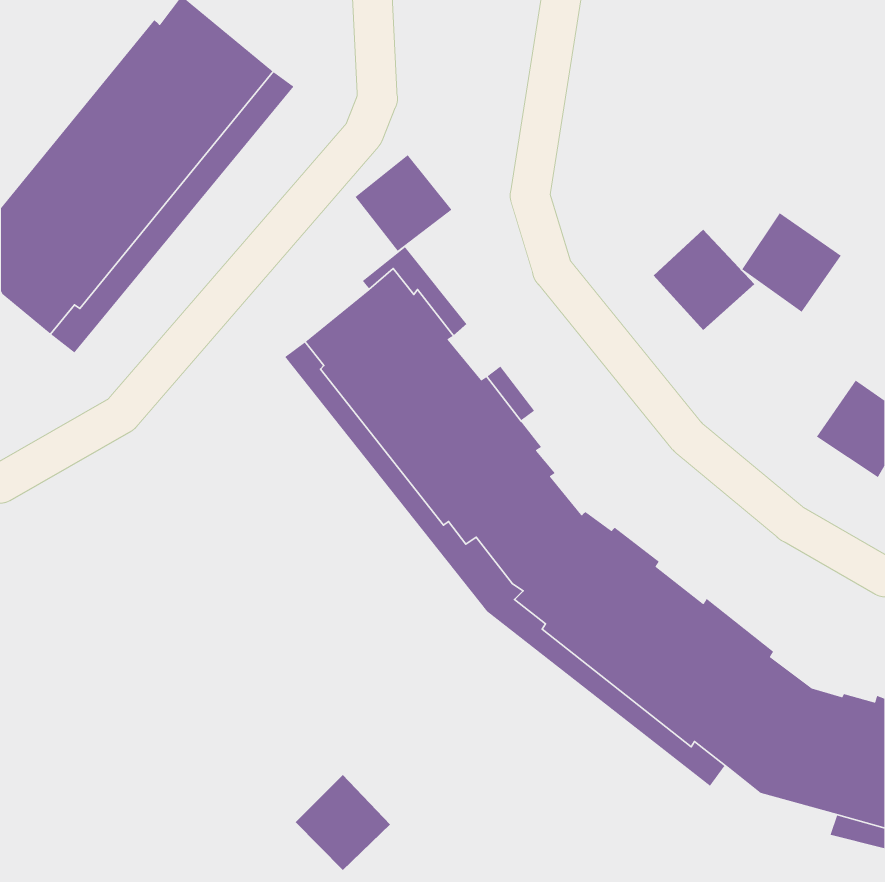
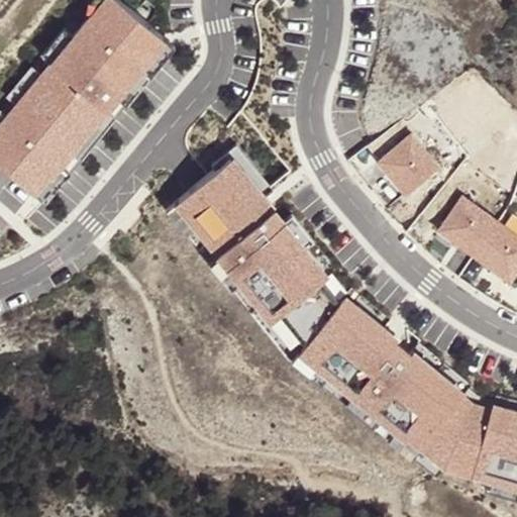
building: [355,154,452,252] -> none
building: [741,212,842,313] -> [440,196,499,254]
building: [295,774,391,871] -> none

